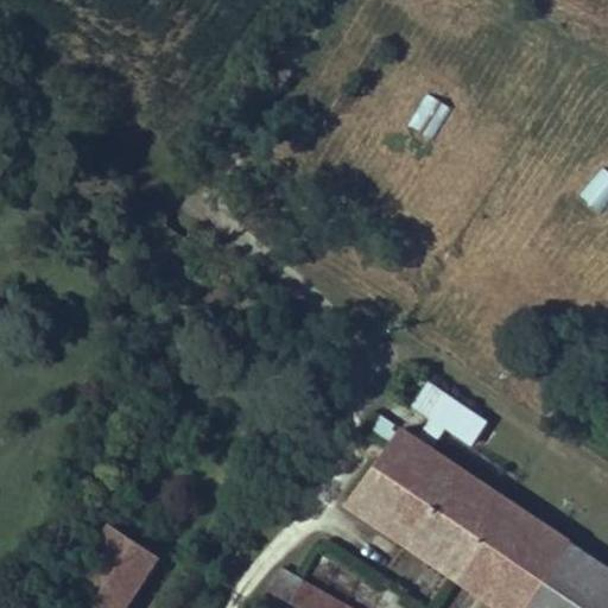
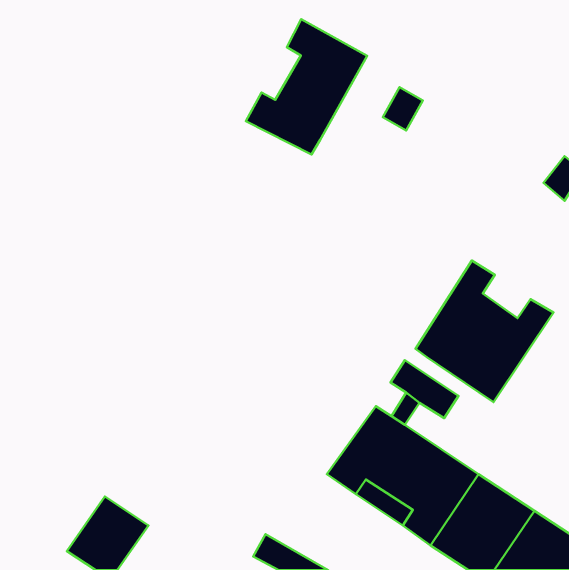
building: none -> [246,19,367,155]
building: none -> [415,260,553,402]

